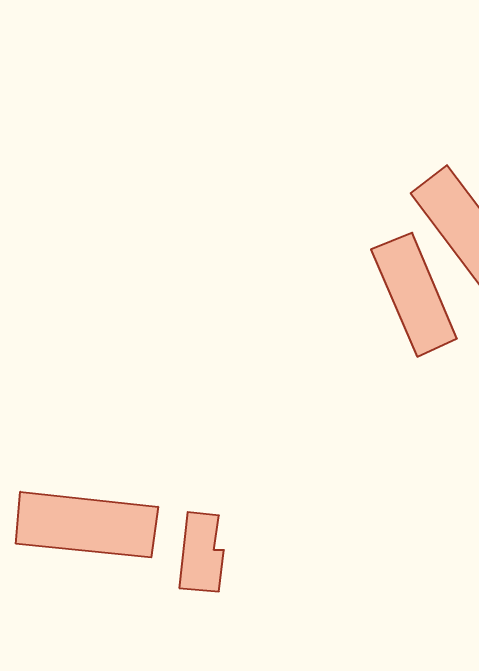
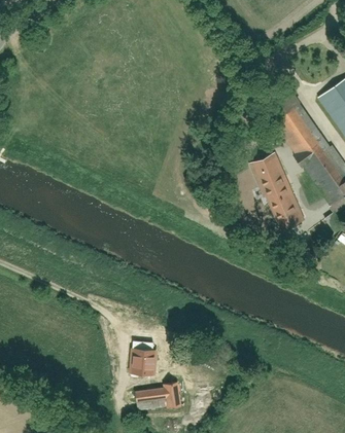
building: [16,492,158,557] -> none
building: none -> [132,381,180,409]

